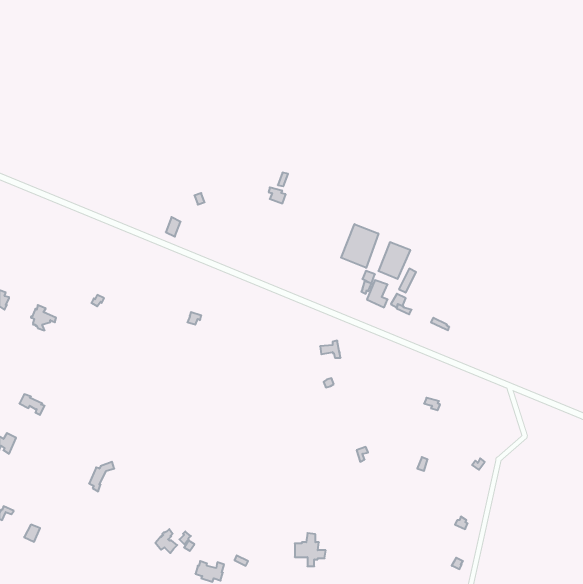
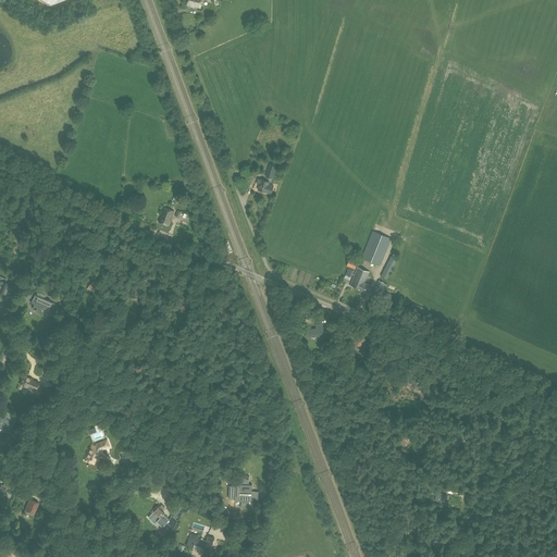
building: [341,224,378,268] -> none
building: [295,533,326,566] -> [228,475,258,507]

